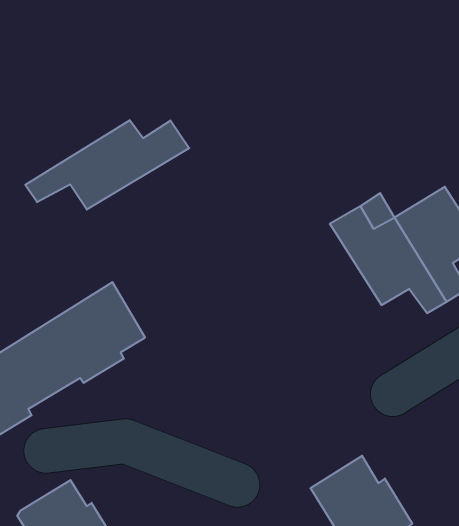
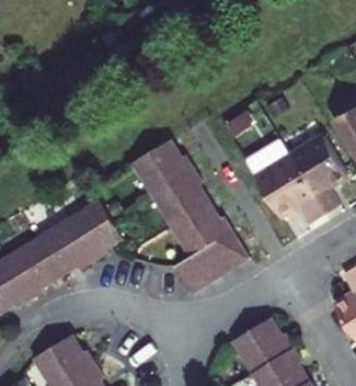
building: [25,120,189,210] -> none
building: none -> [130,138,248,293]

